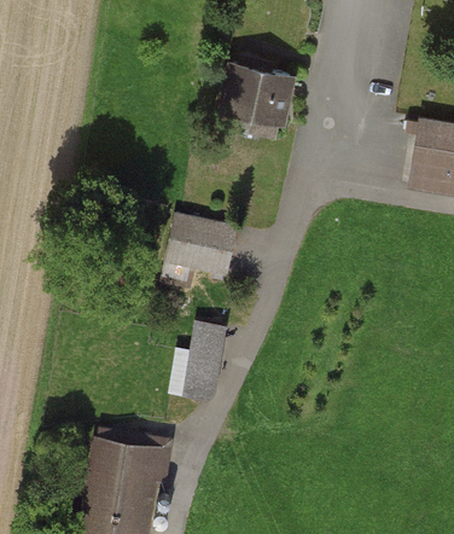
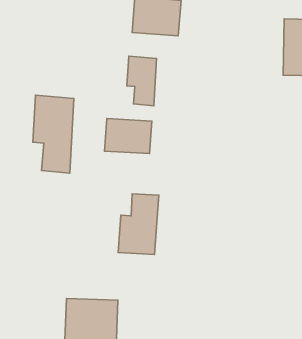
building: none -> [127,56,157,106]
building: none -> [33,95,74,173]

